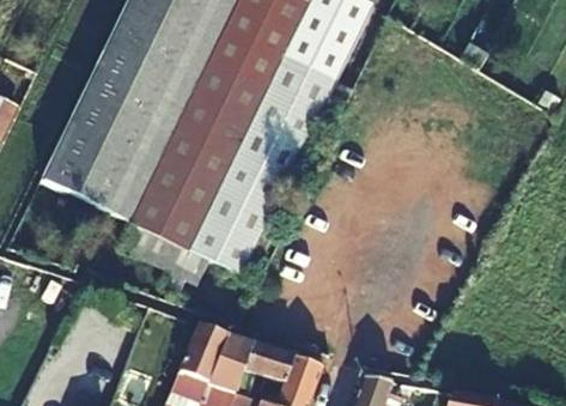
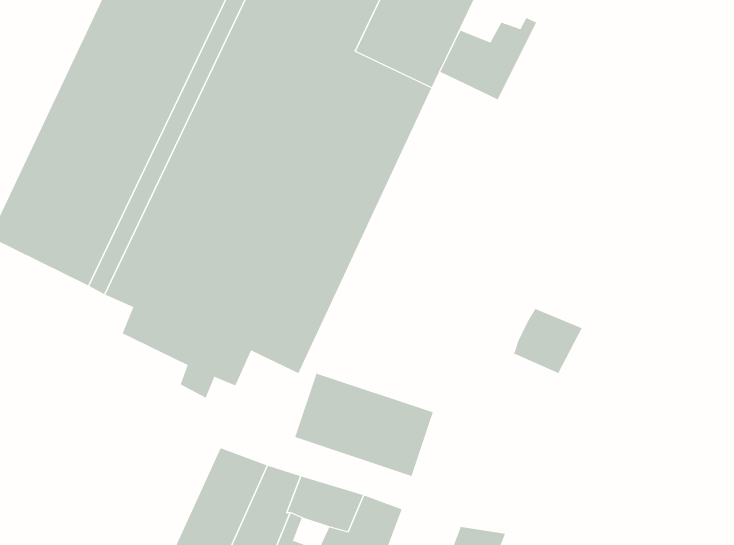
building: none -> [440,17,537,100]
building: none -> [512,308,583,374]
building: none -> [295,373,434,477]

